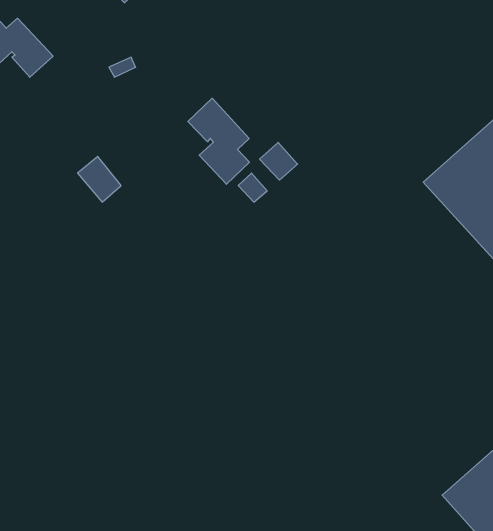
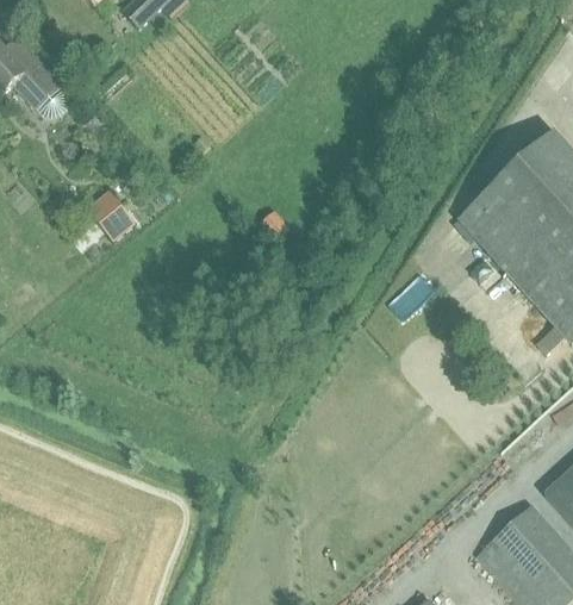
building: [188,98,249,184] -> none
building: [260,142,298,180] -> none

